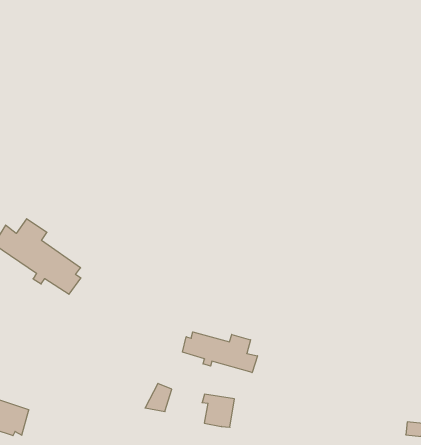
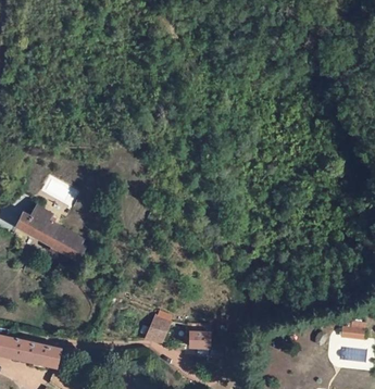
building: [183,332,257,373] -> none

